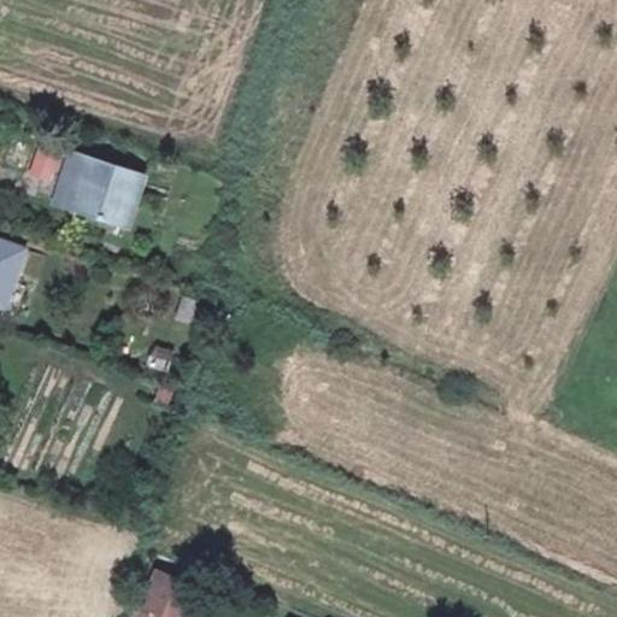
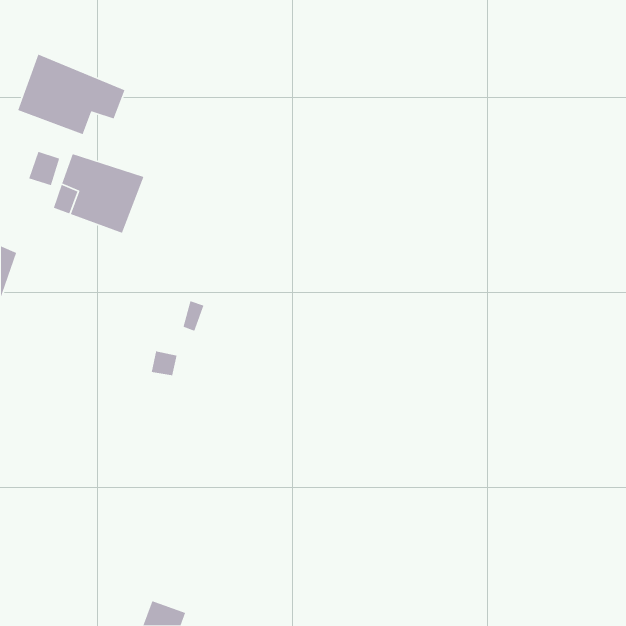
building: none -> [17,54,126,135]

